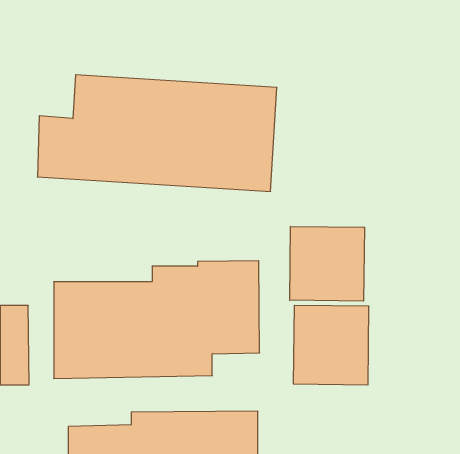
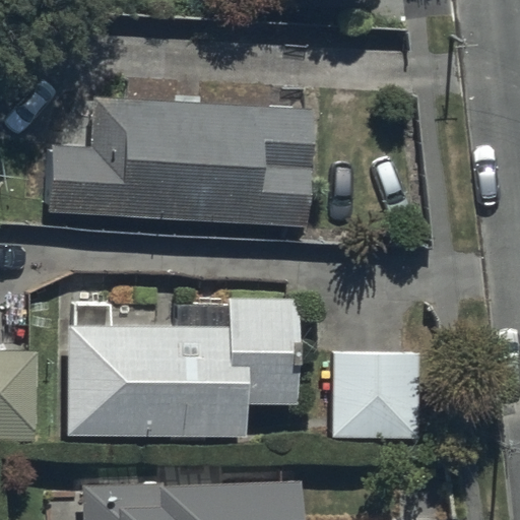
building: [290,226,365,301] -> none

